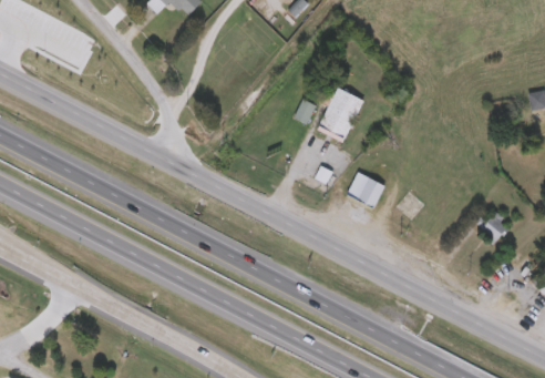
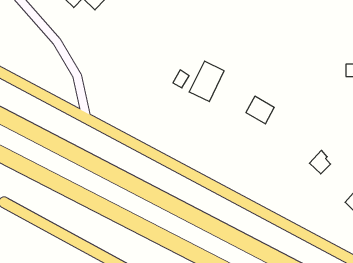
building: [347,171,385,208] -> [246,96,274,124]

